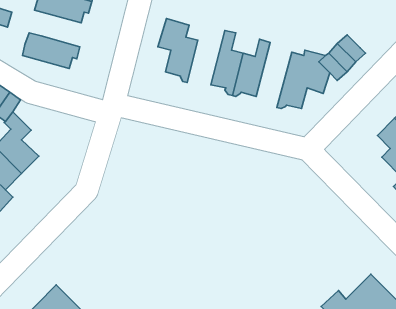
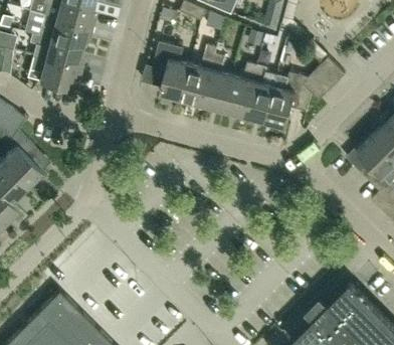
building: none -> [33,36,83,70]
building: none -> [180,46,217,106]
building: none -> [244,66,277,127]

